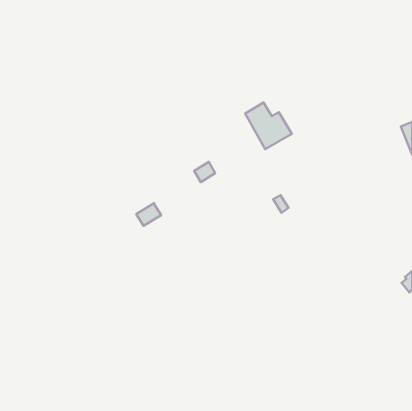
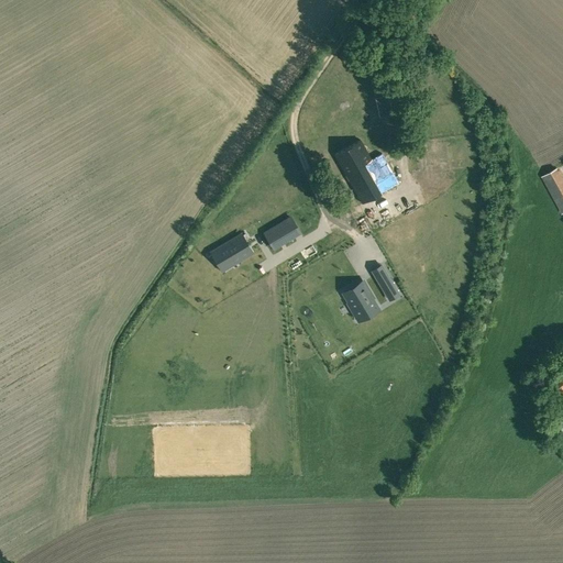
building: [136,203,161,226] -> [217,236,251,267]
building: none -> [344,284,377,320]

